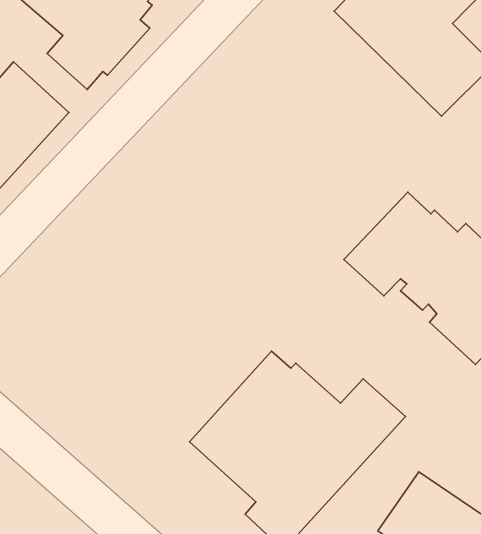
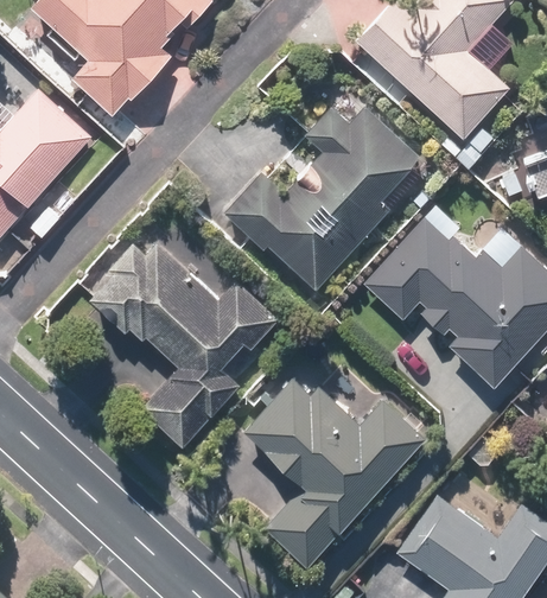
building: none -> [227,106,420,294]
building: none -> [85,234,280,446]

